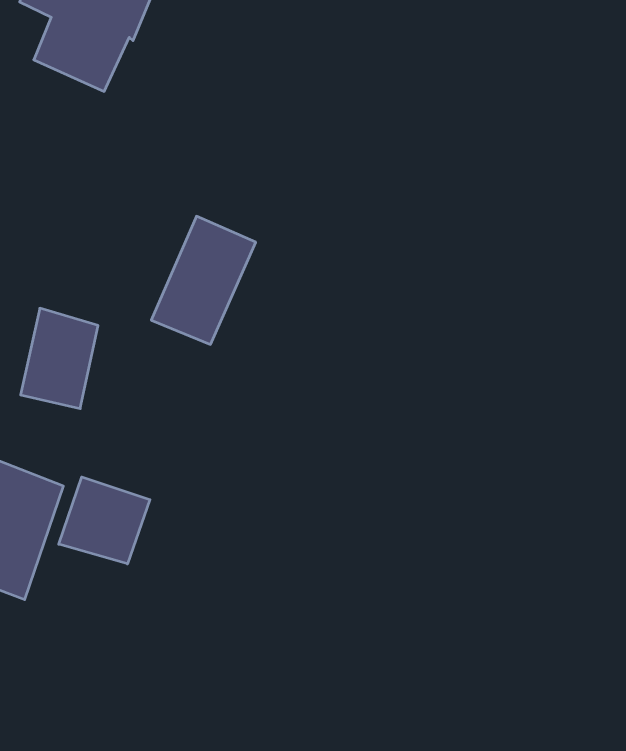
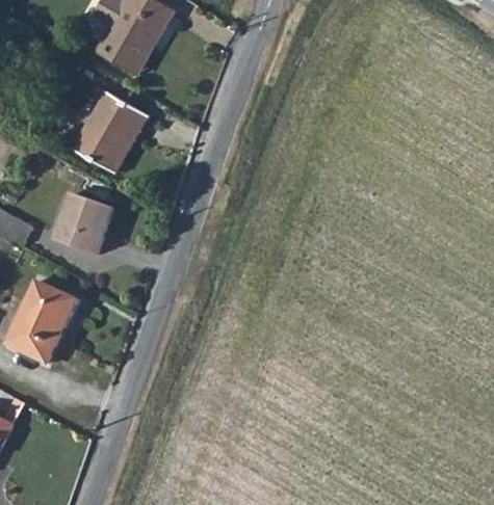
building: [151,216,256,344] -> [79,94,147,170]
building: [59,477,150,564] -> none

